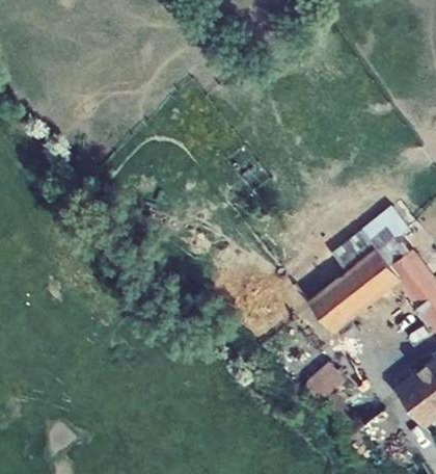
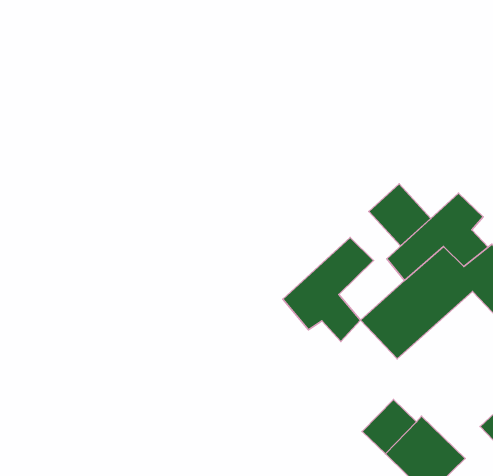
building: none -> [369,184,431,246]
building: none -> [283,237,373,341]

